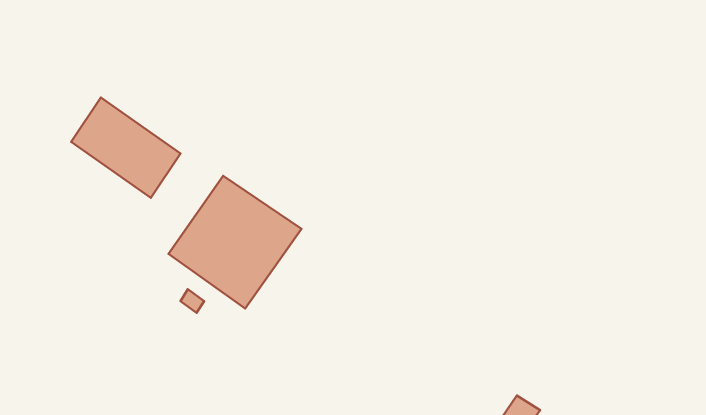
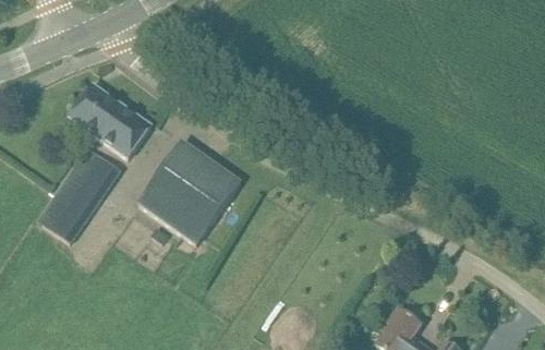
building: none -> [41,147,121,239]

